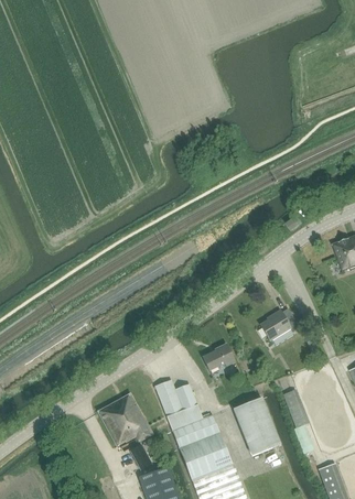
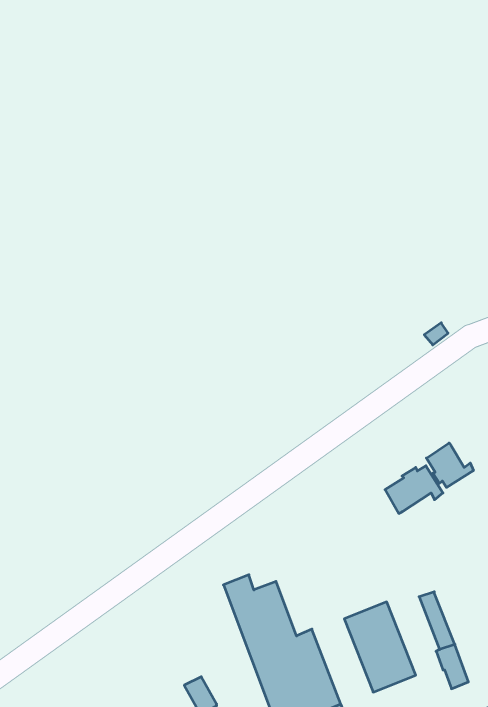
building: none -> [426,443,473,487]
building: [203,344,235,370] -> none
building: [97,392,152,445] -> none

